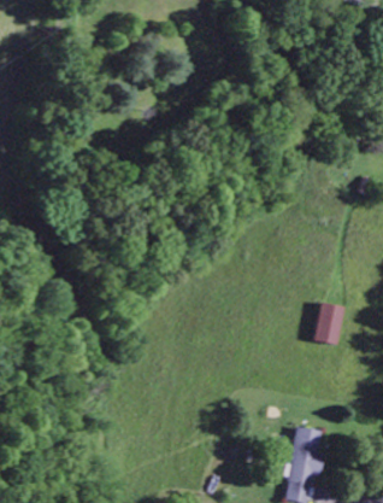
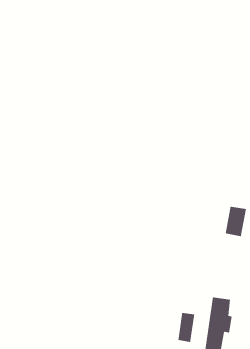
building: none -> [178,312,195,343]

